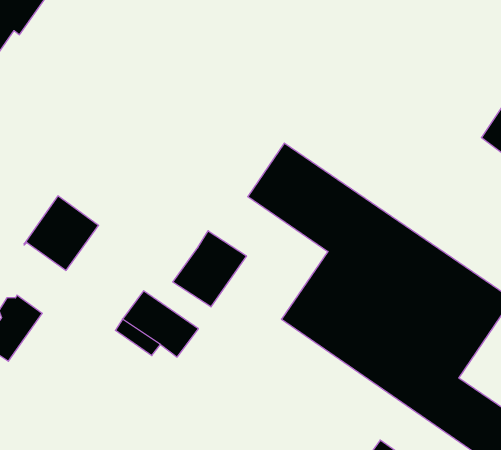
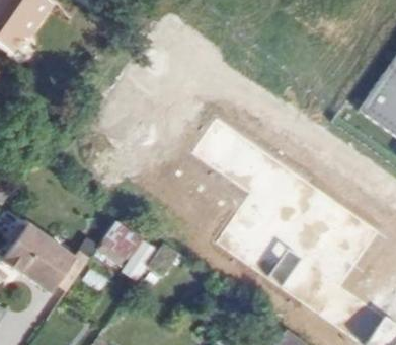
building: [24,196,99,270] -> [19,237,73,291]
building: [173,231,246,307] -> none

